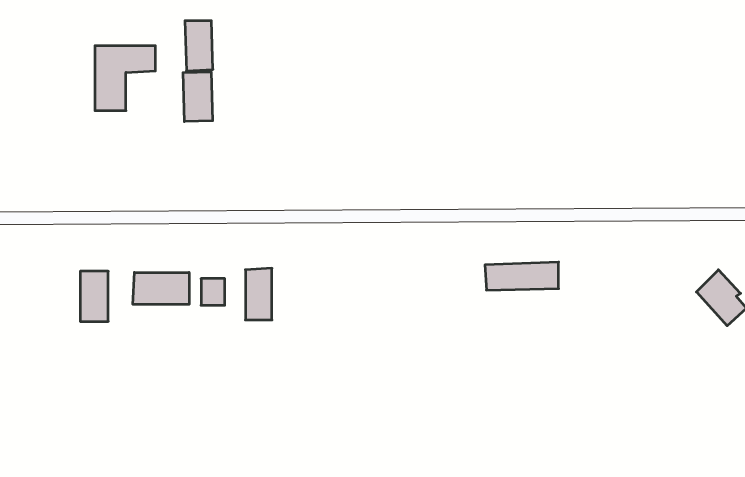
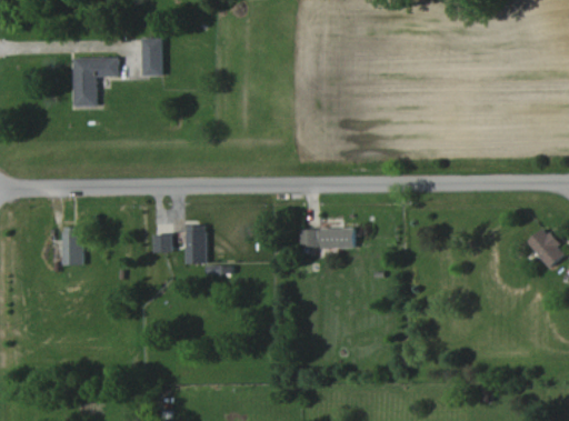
building: [183,72,213,122] -> none
building: [485,262,559,290] -> [298,227,353,248]
building: [133,272,189,304] -> none

